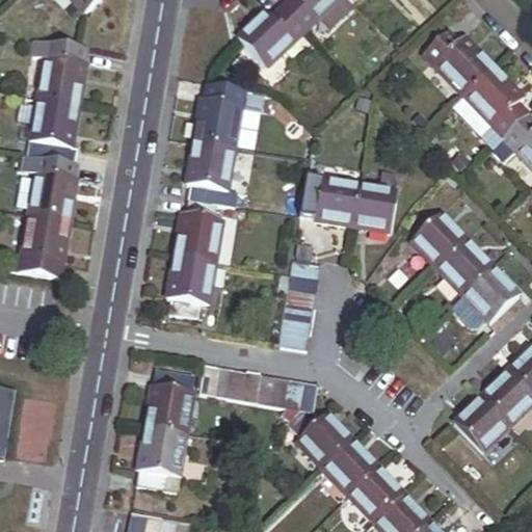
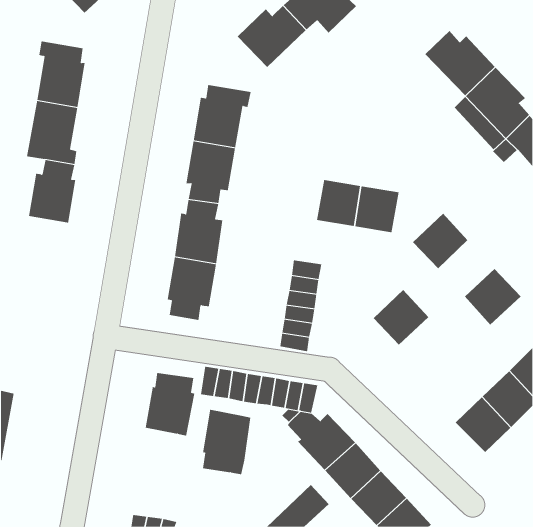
building: [18,215,69,280] -> none
building: [436,239,493,295] -> [373,289,429,345]
building: [137,426,186,491] -> [202,409,251,475]

